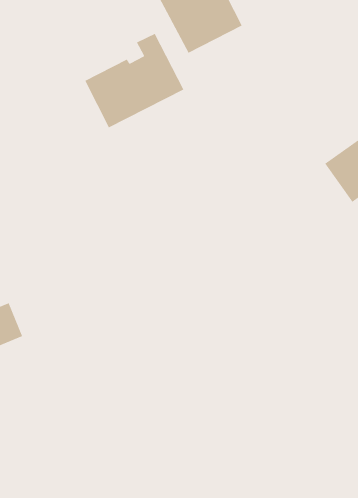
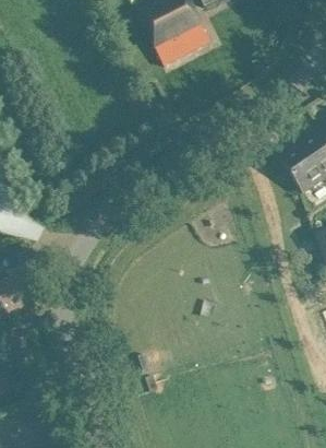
building: [84,33,184,129] -> none

